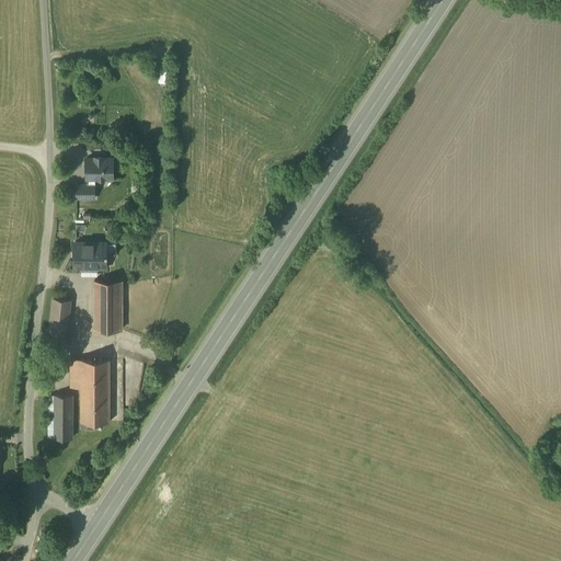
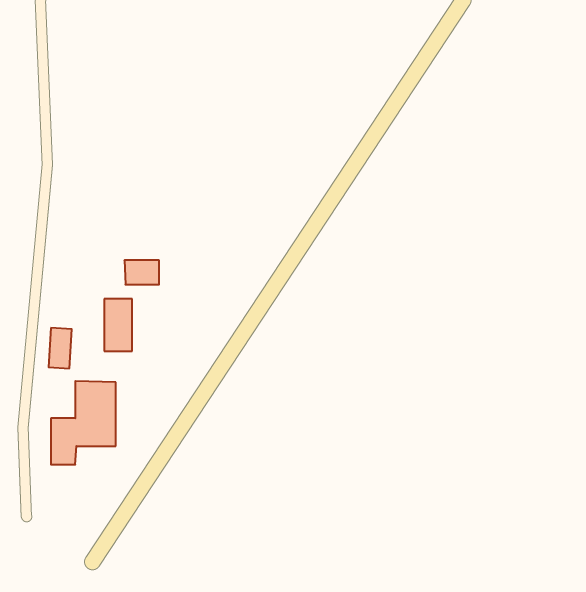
building: [75,160,115,202] -> none
building: [68,244,101,267] -> [124,260,159,285]

